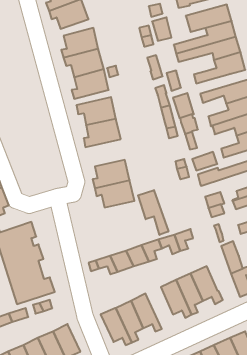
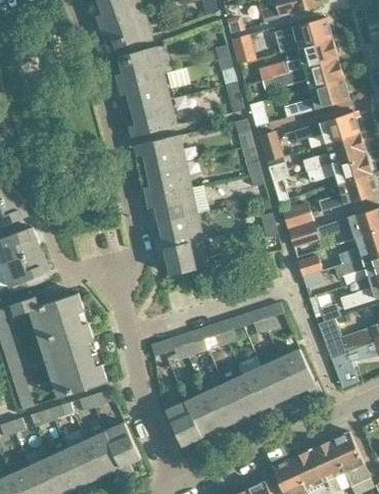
building: none -> [145,188,195,223]
building: [138,190,168,235] -> none
building: none -> [222,376,256,429]

